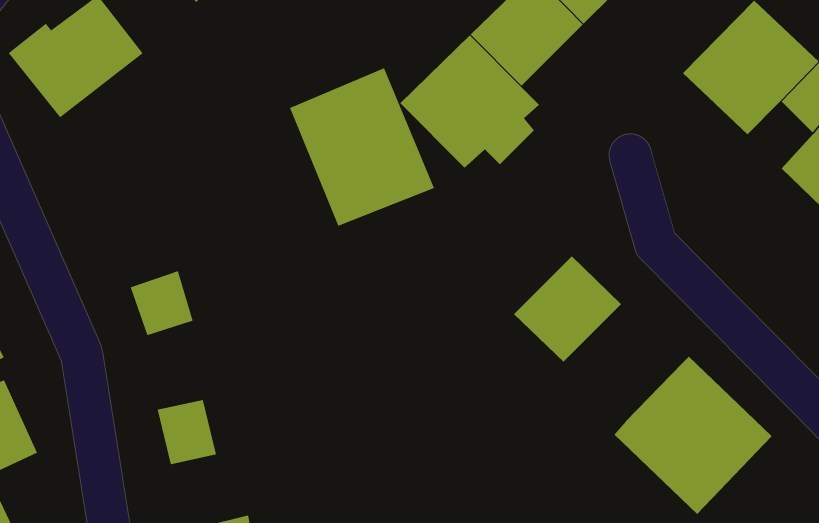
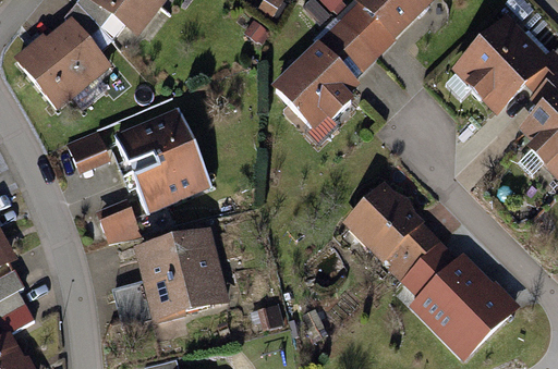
building: [289,68,435,227] -> [116,109,210,212]
building: none -> [64,127,111,173]
building: none -> [378,221,456,297]
building: none -> [140,231,230,313]

